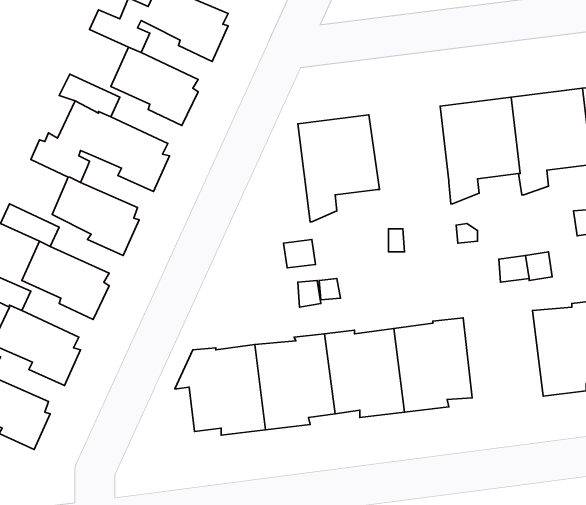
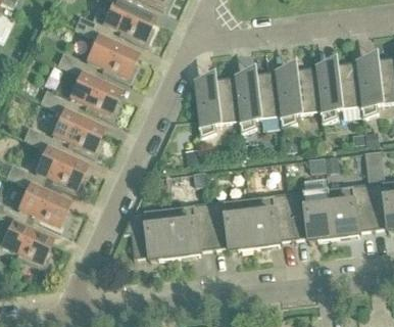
building: none -> [235,71,281,132]
building: none -> [289,188,335,240]

